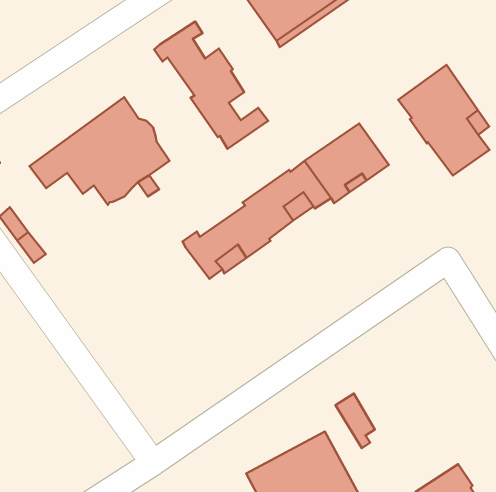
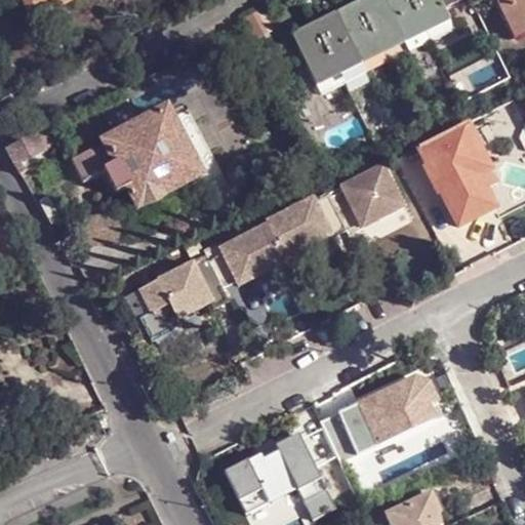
building: [154,21,268,149] -> none
building: none -> [124,253,227,335]
building: none -> [357,377,435,445]

